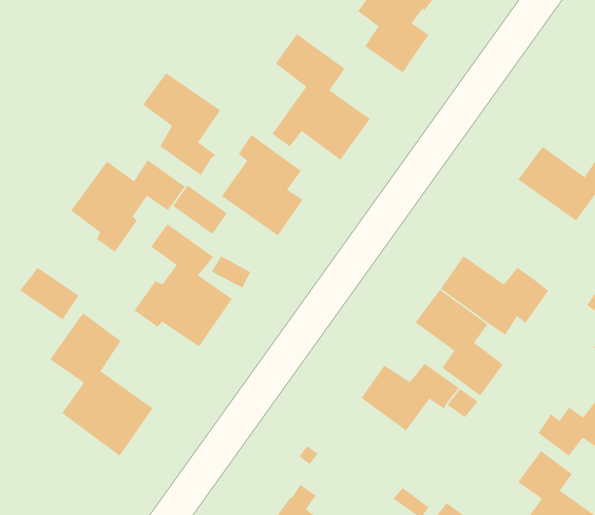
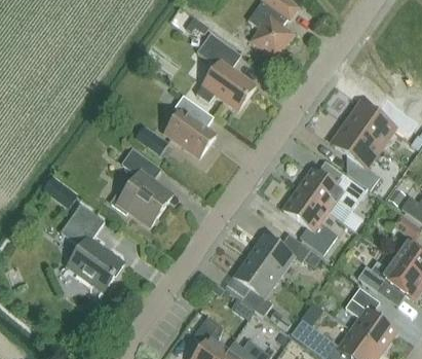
building: [142,72,221,176] -> none
building: [70,159,186,253] -> none
building: none -> [331,121,381,189]
building: none -> [234,255,277,316]

